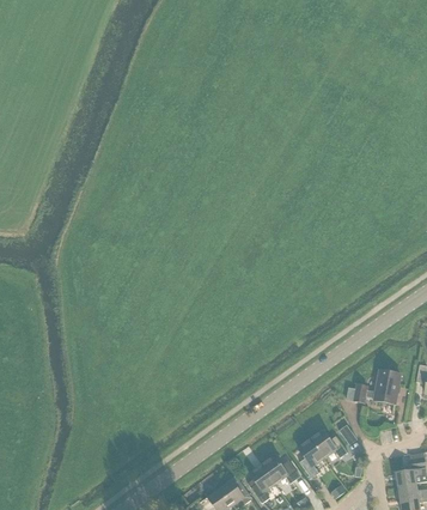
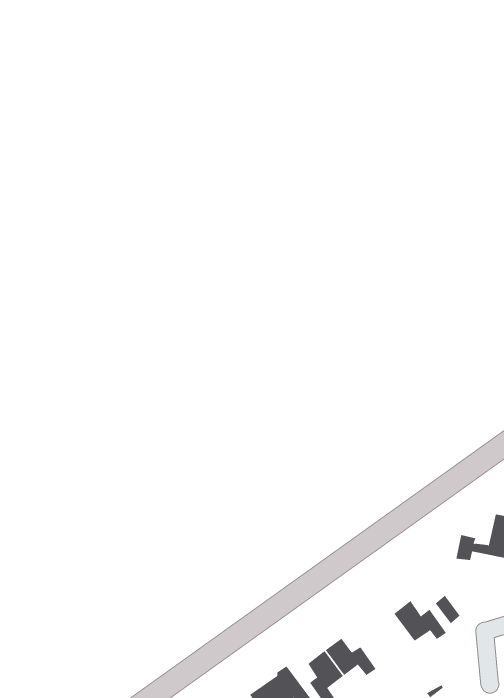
building: [298,439,324,478] -> none

